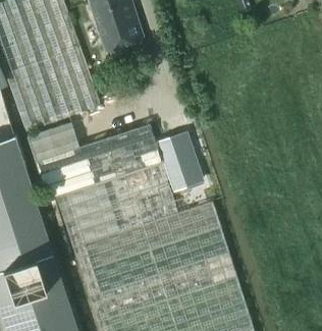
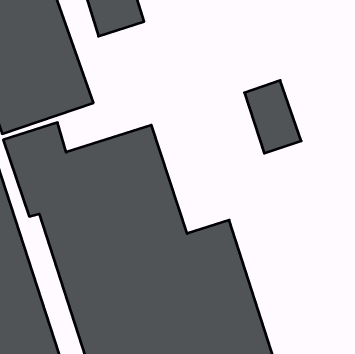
building: [157,131,204,191] -> [244,80,301,153]

